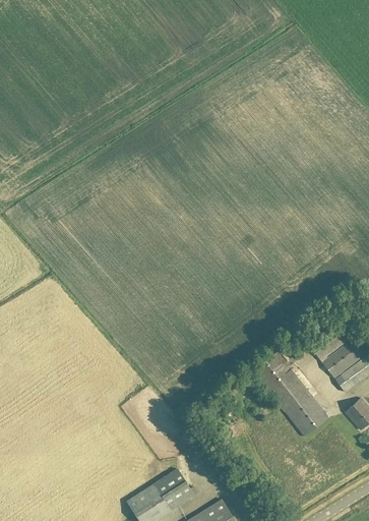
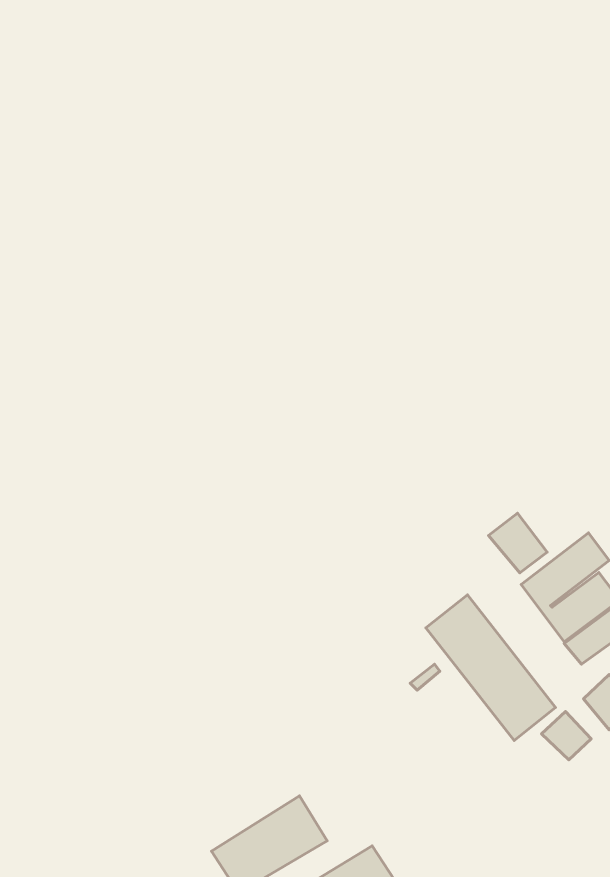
building: none -> [488,513,547,573]
building: none -> [542,712,591,760]

